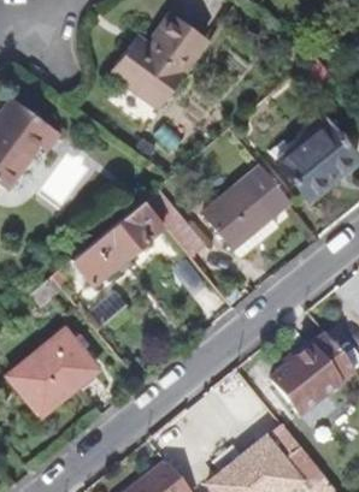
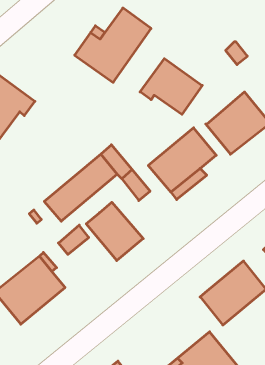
building: none -> [140,59,202,114]
building: none -> [86,202,143,261]

